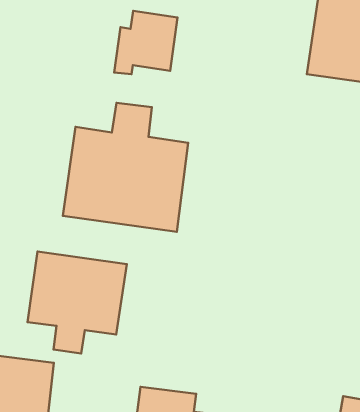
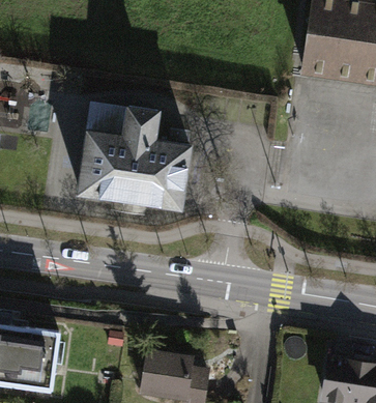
building: [114,11,178,74] -> none
building: [28,252,127,354] -> none

